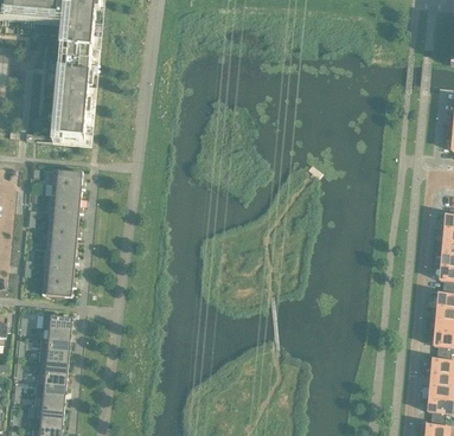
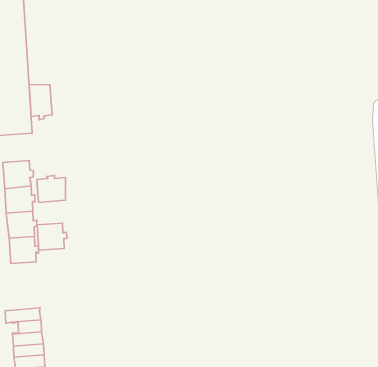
building: none -> [29,85,52,120]
building: none -> [37,175,66,202]
building: [46,268,76,295] -> [37,223,67,250]

